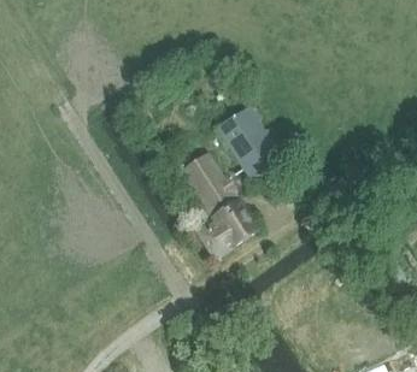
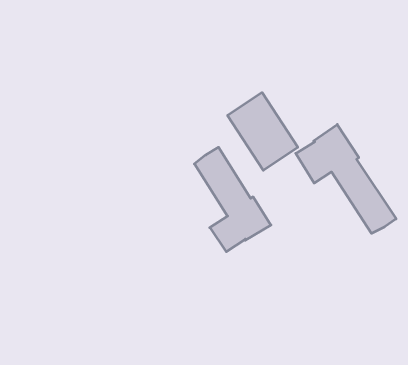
building: none -> [296,124,396,233]

